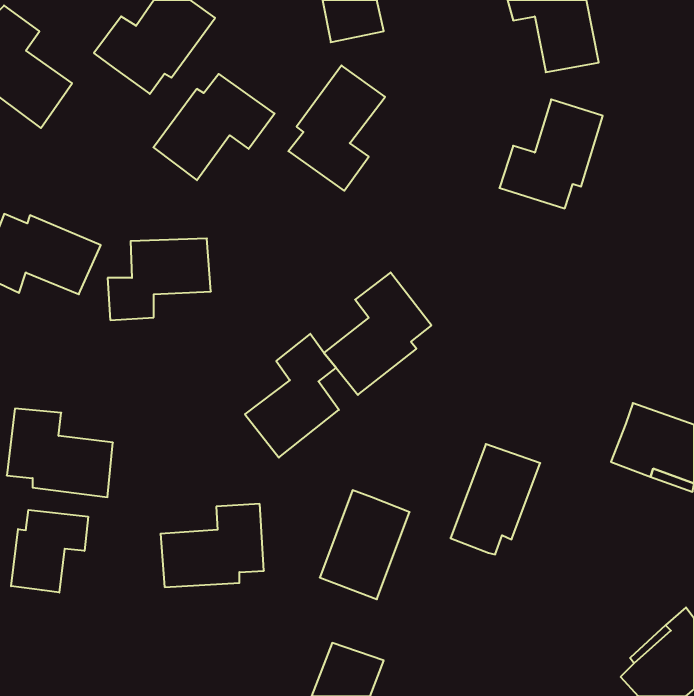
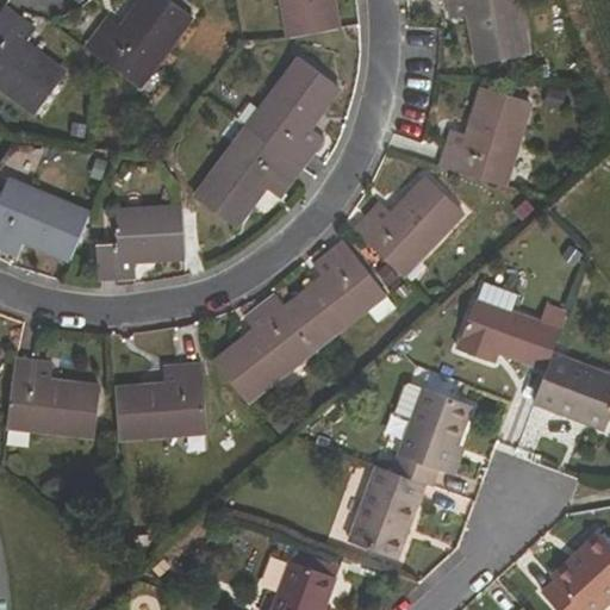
building: [153,74,275,180] -> [195,132,301,225]
building: none -> [351,178,461,269]
building: none -> [459,298,562,371]
building: [320,490,410,599] -> [349,465,428,560]
building: [160,504,264,587] -> [114,363,205,436]
building: [11,510,88,593] -> none

